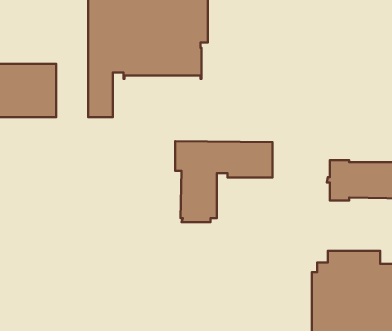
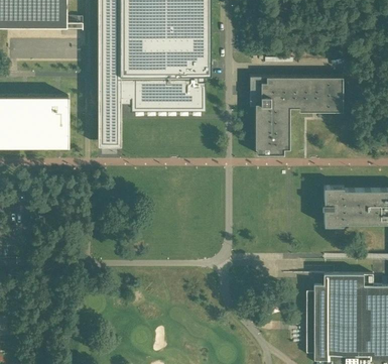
building: [175,141,273,222] -> [250,79,342,155]

